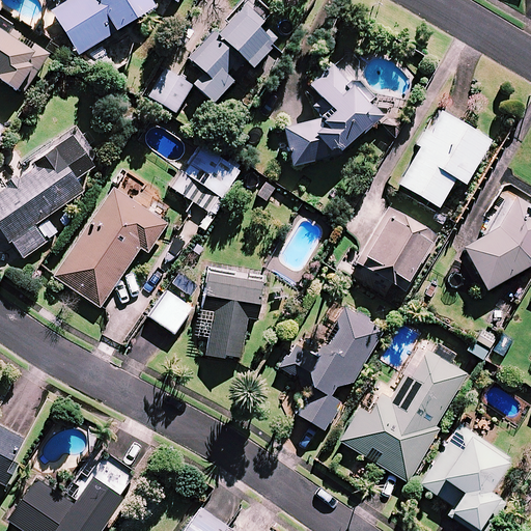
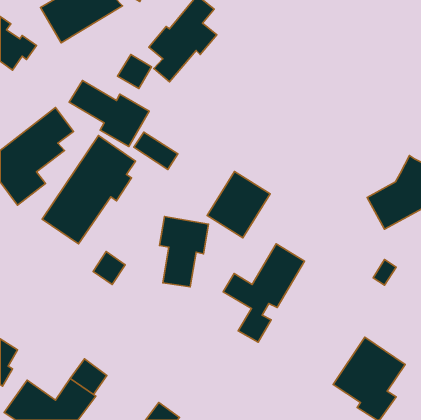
building: [283,64,379,166] -> none
building: none -> [69,81,149,147]
building: [398,110,490,207] -> none
building: [357,207,436,290] -> [207,172,270,238]
building: [151,290,192,332] -> [93,252,125,285]
building: [340,344,467,481] -> none

